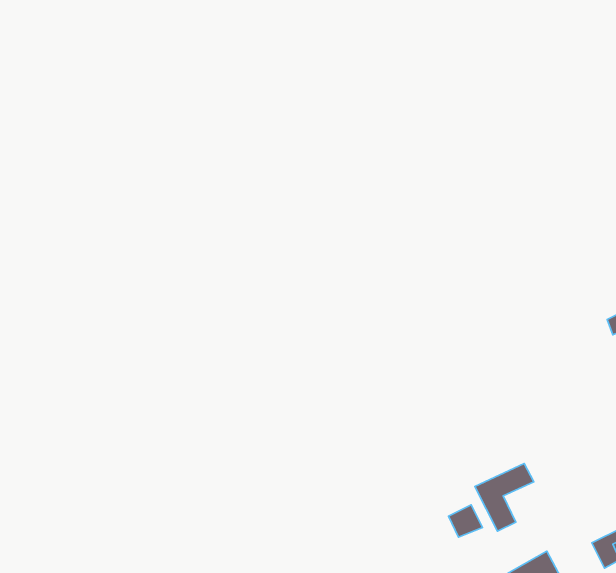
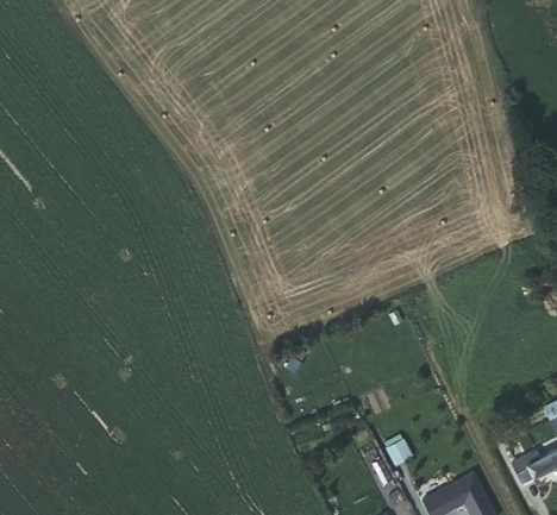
building: [475,463,534,531] -> none

